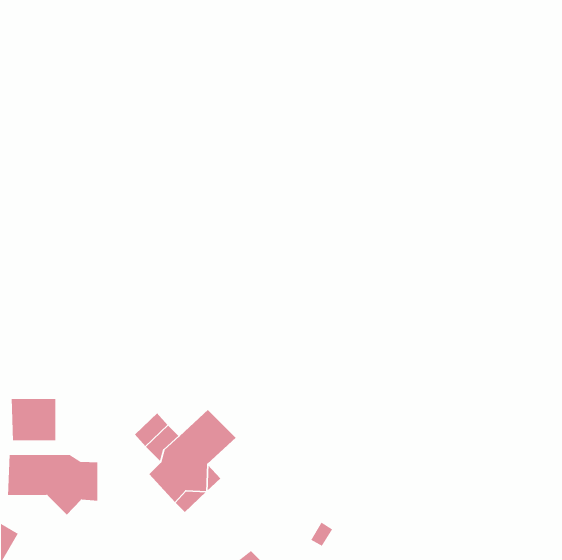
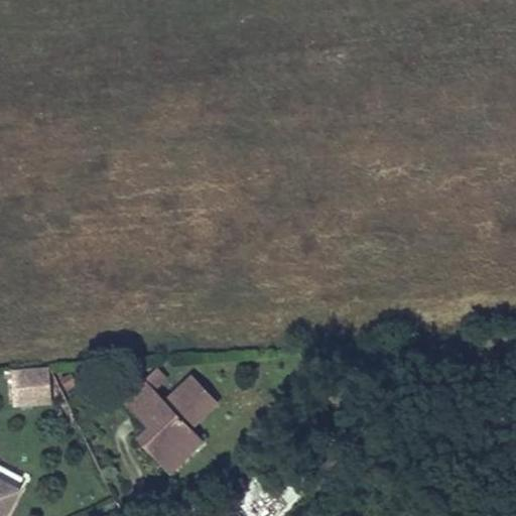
building: [7,454,98,516] -> none

